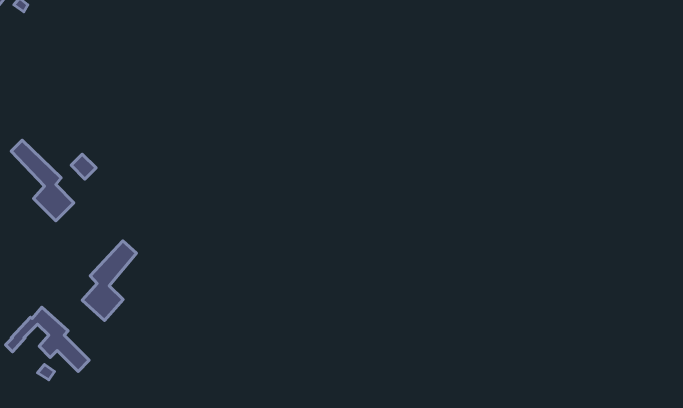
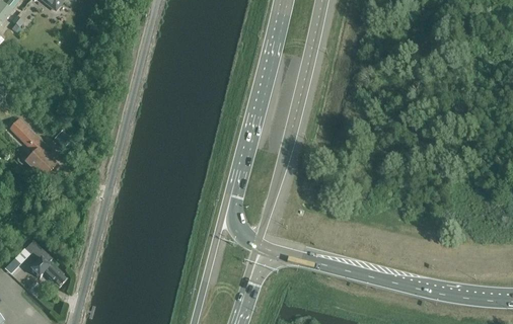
building: [82,241,137,320] -> none

